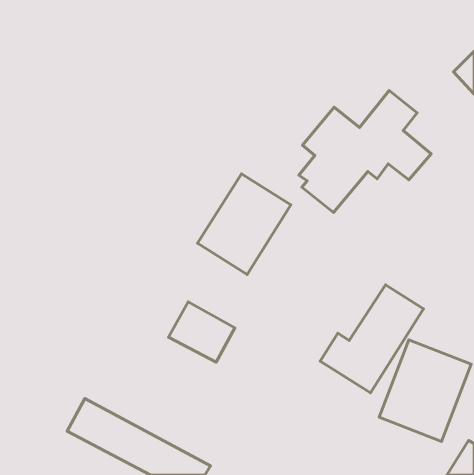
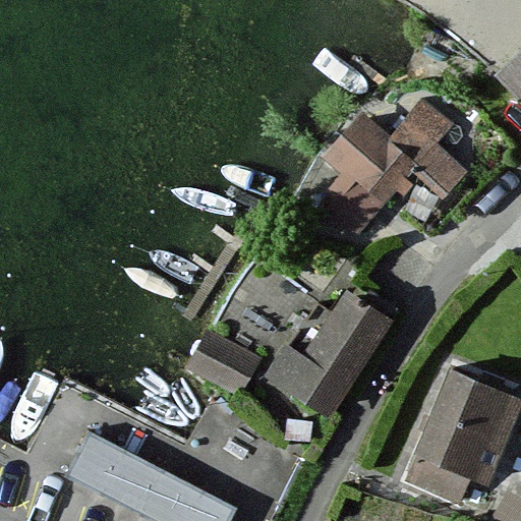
building: [198,174,291,274] -> none
building: [320,285,424,393] -> [274,295,387,413]

